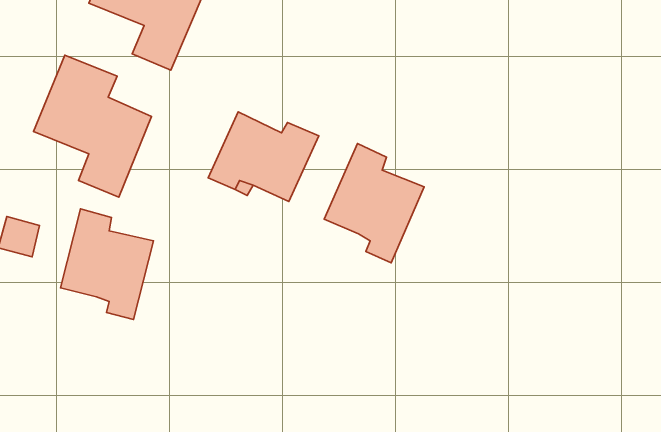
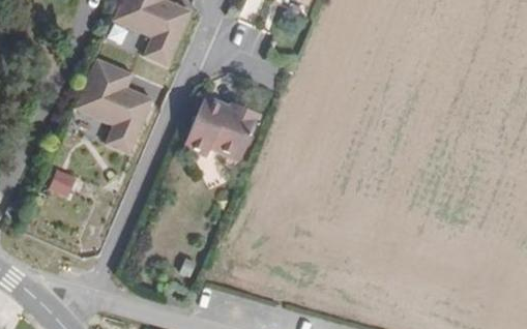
building: [324,143,424,263] -> none
building: [60,209,154,320] -> none

